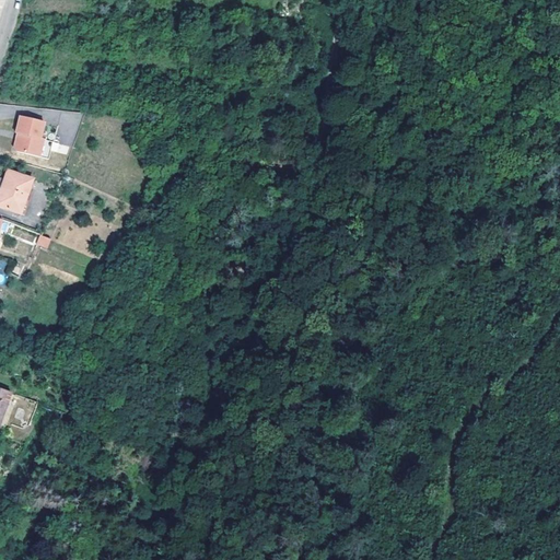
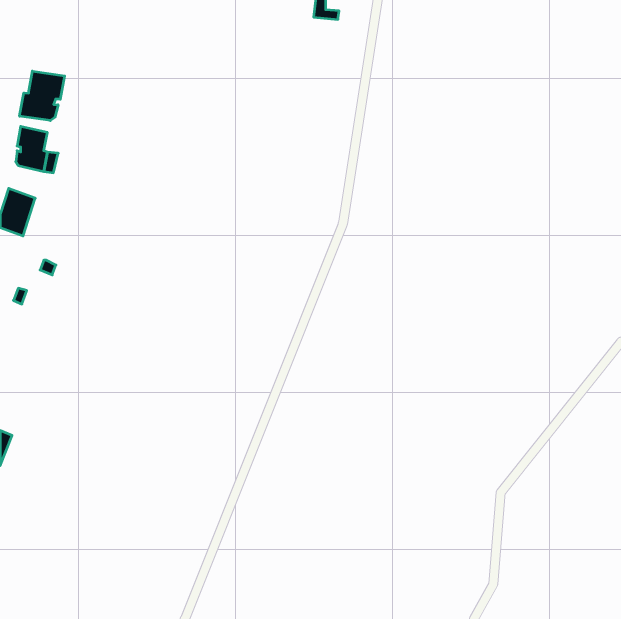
building: none -> [20,71,65,121]

